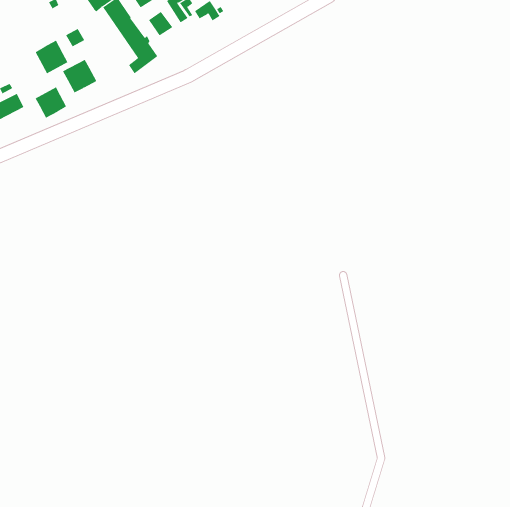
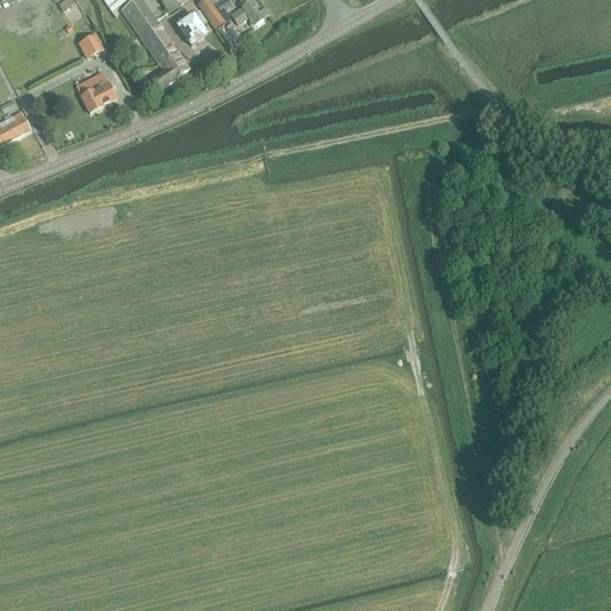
building: [35,40,68,74] -> none
building: [35,86,67,119] -> none

